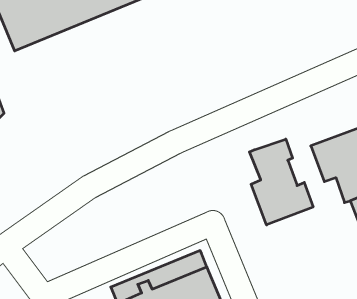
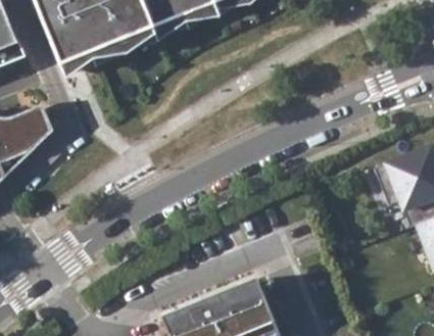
building: [249,139,313,225] -> none

